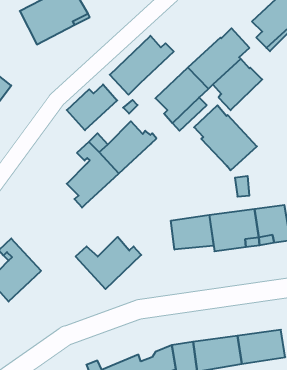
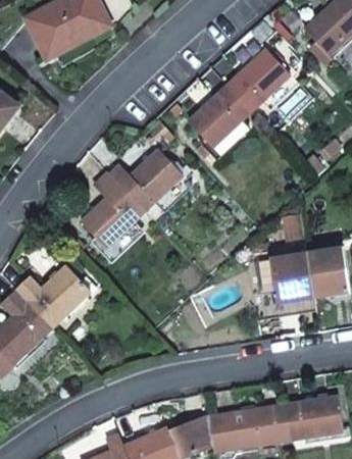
building: [110,36,174,95] -> none
building: [67,84,117,130] -> none
building: [194,105,257,170] -> none
building: [171,215,213,250] -> none
building: [76,237,141,289] -> [15,265,94,327]

